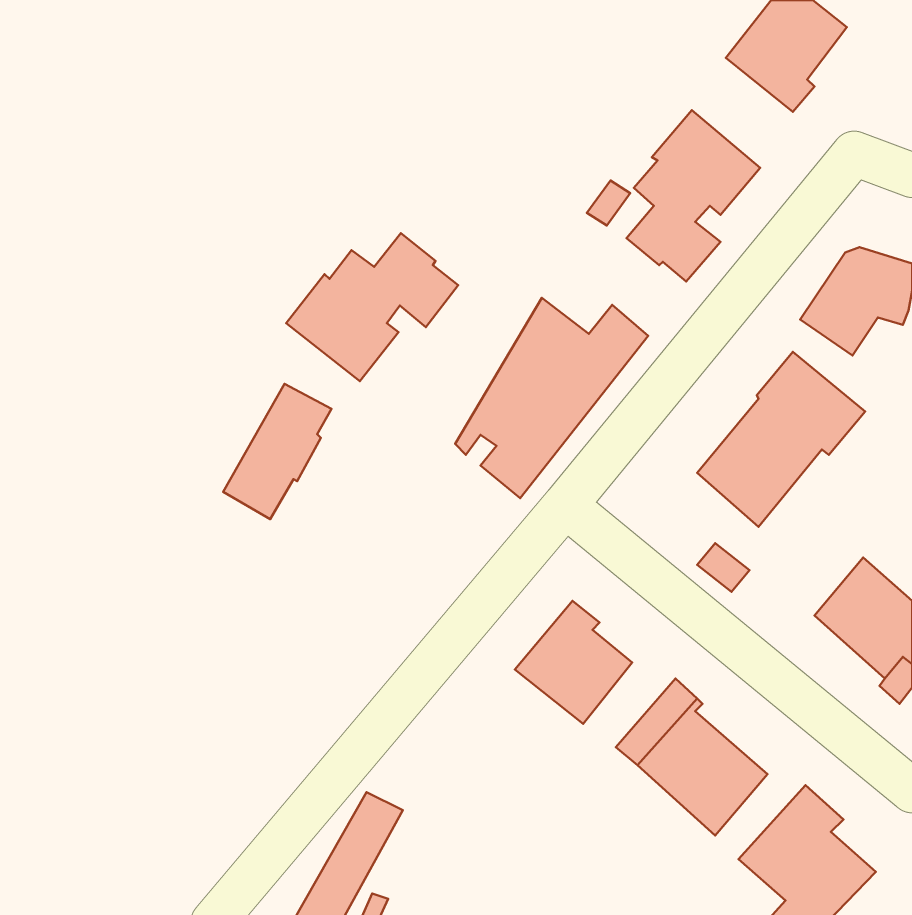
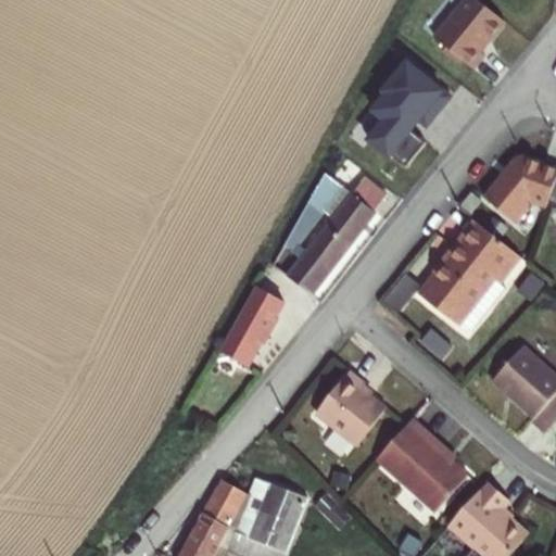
building: [286,233,458,381] -> none
building: [223,384,332,519] -> [219,292,285,374]
building: none -> [238,479,304,545]

